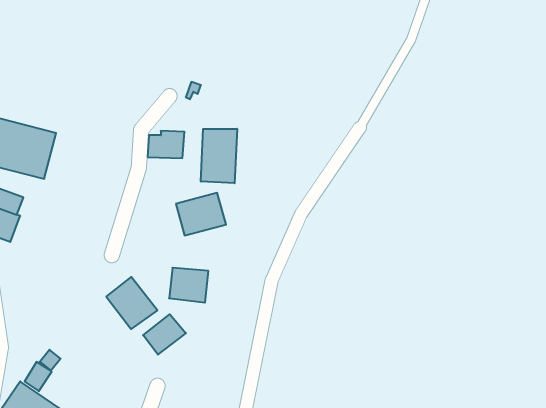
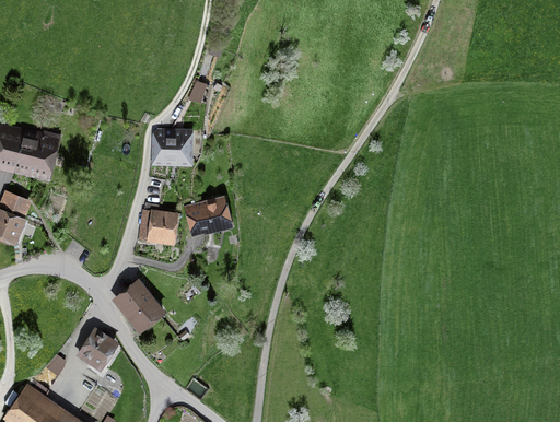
building: [201,129,237,183] -> none
building: [169,268,208,303] -> [139,210,178,245]
building: [143,314,186,355] -> none
building: none -> [75,329,117,372]

